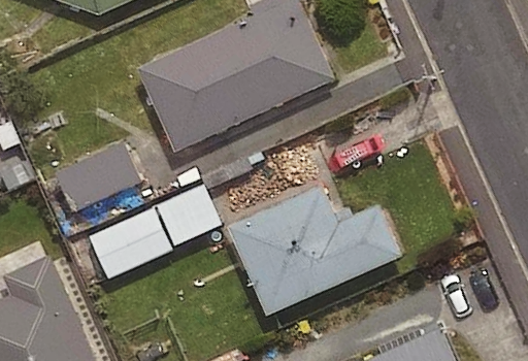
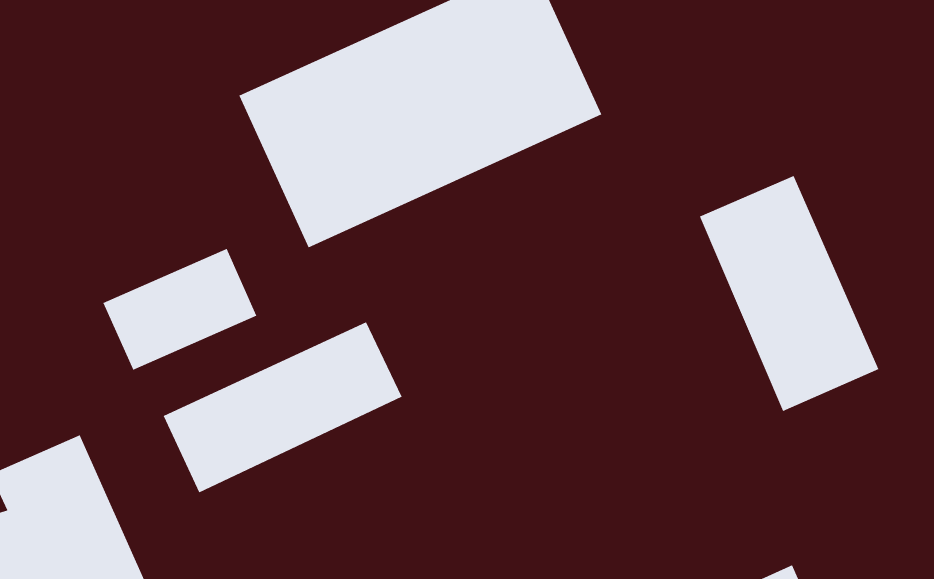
building: none -> [699,175,879,412]
building: [227,184,401,314] -> none

